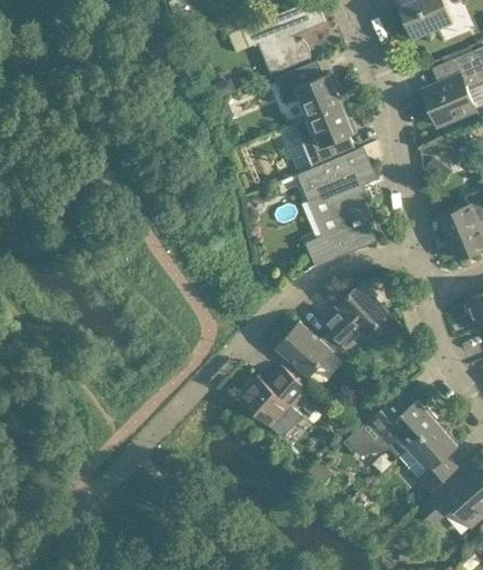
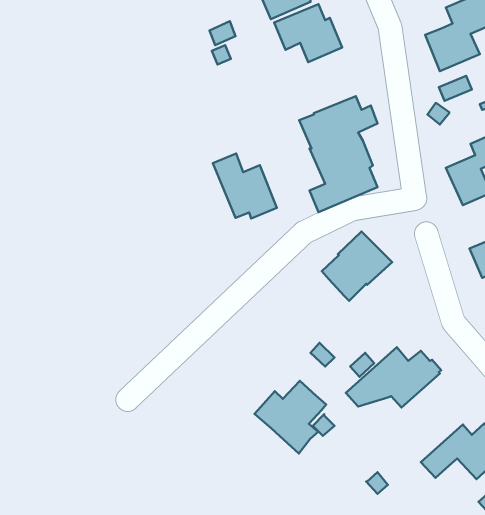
building: [295,104,356,168] -> none
building: none -> [213,153,277,218]
building: [276,325,344,379] -> none
building: [239,366,309,438] -> [254,381,326,453]
building: [400,423,459,492] -> none

